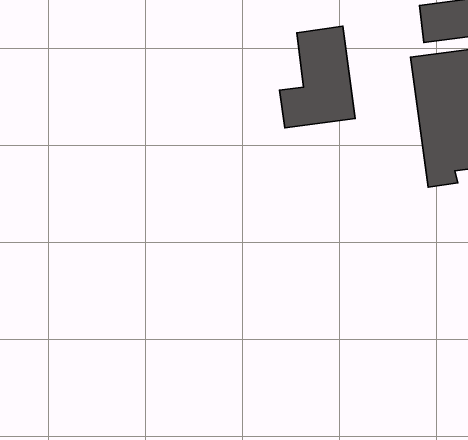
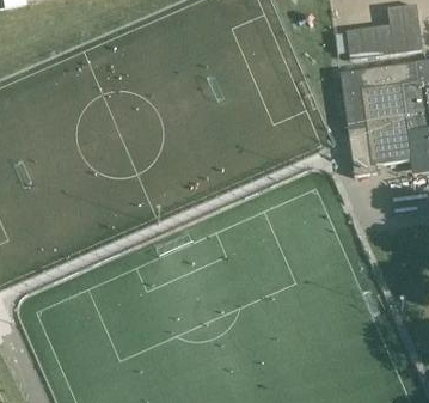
building: [279,26,355,128] -> none

